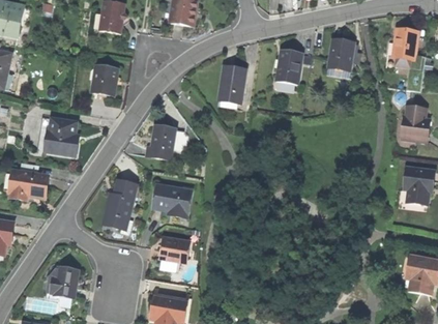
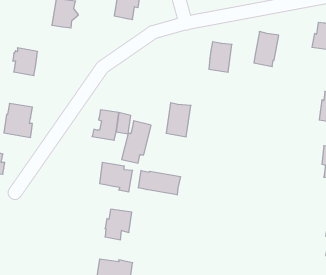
building: [89,65,117,96] -> [13,48,38,76]
building: [217,66,245,105] -> [166,103,191,137]
building: [101,181,135,229] -> [122,121,151,163]
building: none -> [138,170,180,195]
building: [53,267,78,299] -> none

